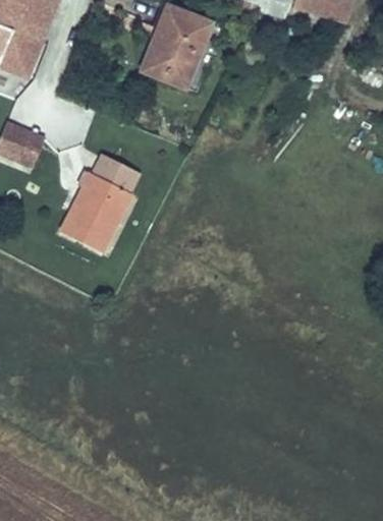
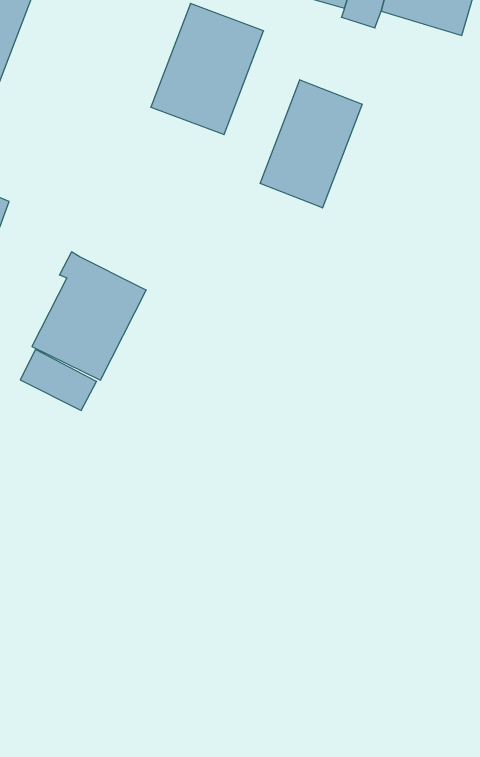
building: none -> [260,80,362,208]
building: [91,152,142,192] -> [20,349,97,410]

